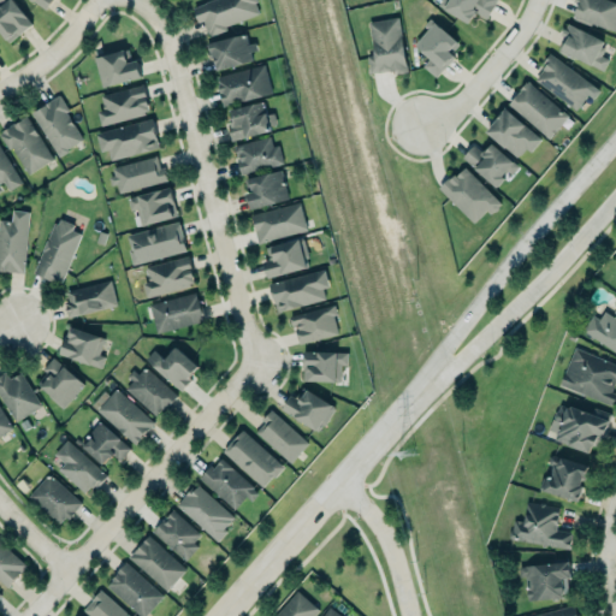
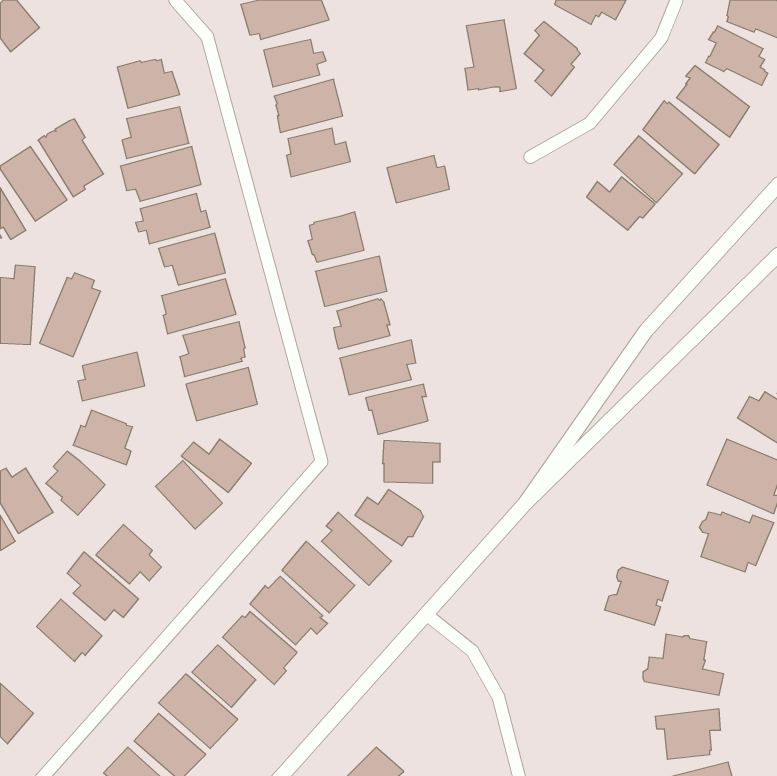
building: [233,138,283,176] -> [387,155,449,203]
building: [440,167,502,225] -> none
building: [97,390,155,445] -> none
building: [539,456,590,502] -> [604,567,668,625]

